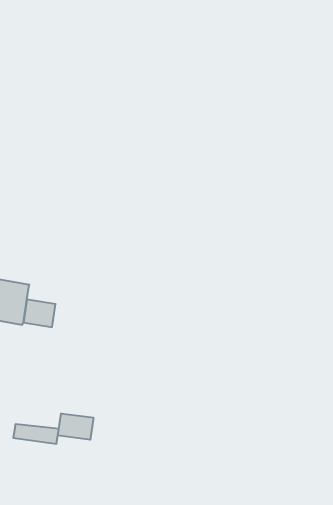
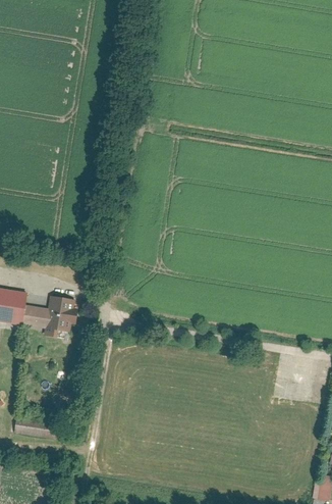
building: none -> [48,298,77,334]
building: [58,413,93,440] -> none

